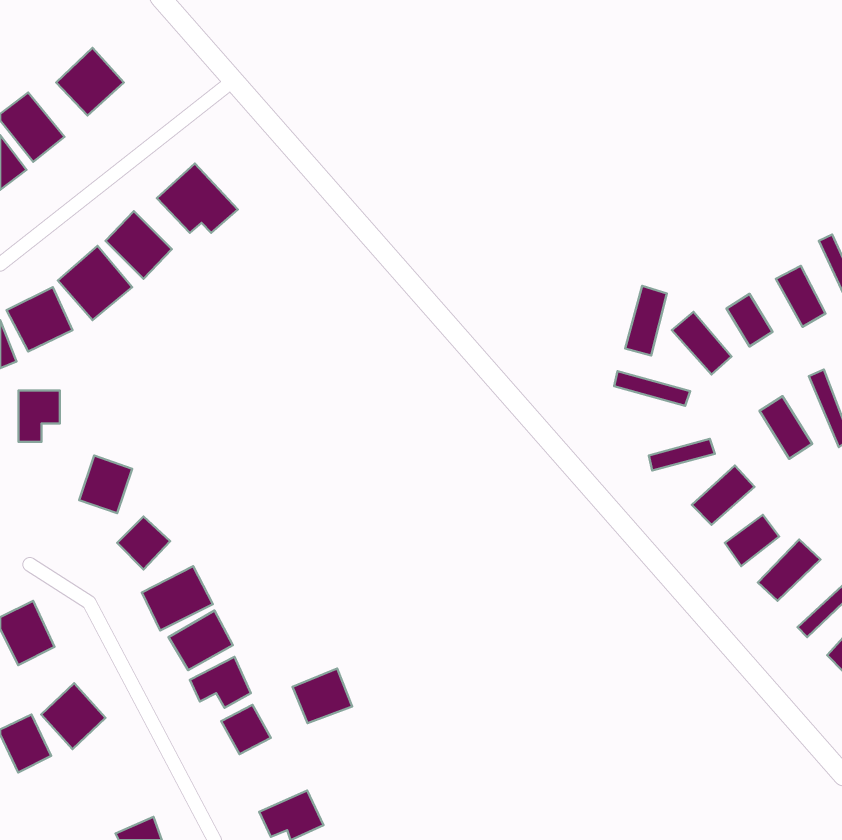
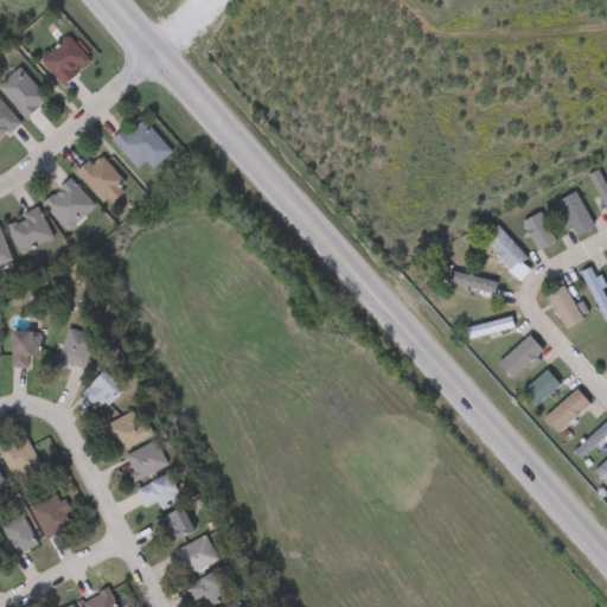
building: [625,286,667,355] -> none
building: [19,391,60,442] -> [12,331,41,368]
building: [293,669,352,723] -> [175,535,218,574]

